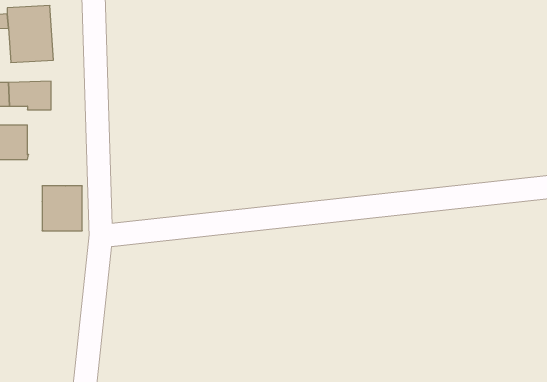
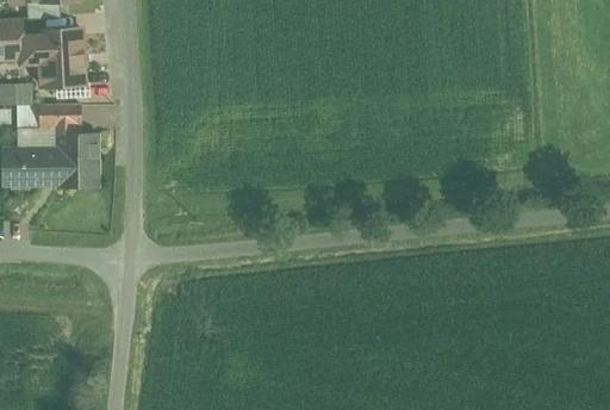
building: [42,186,82,231] -> [57,133,98,179]

